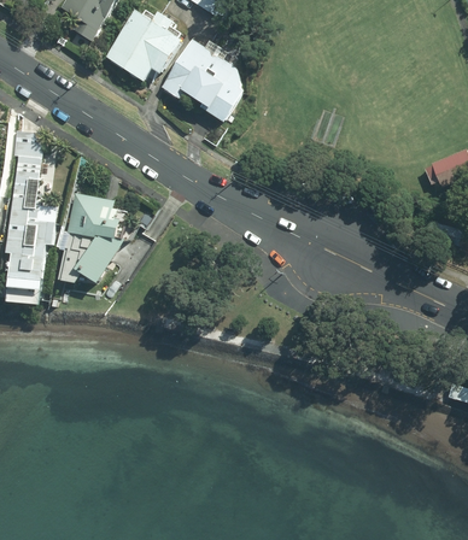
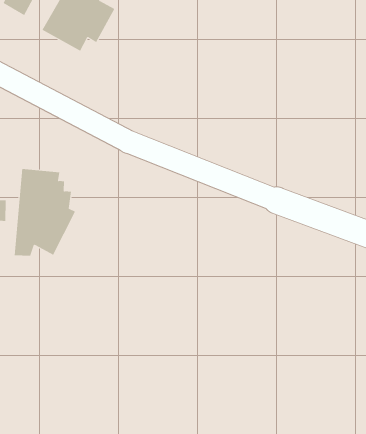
building: [162,40,242,121] -> none

